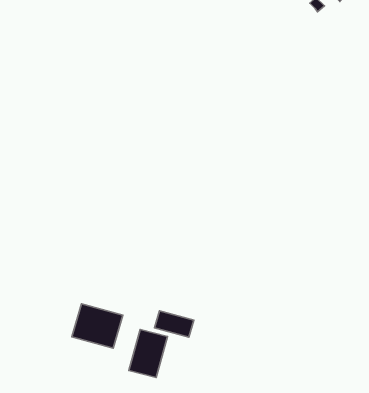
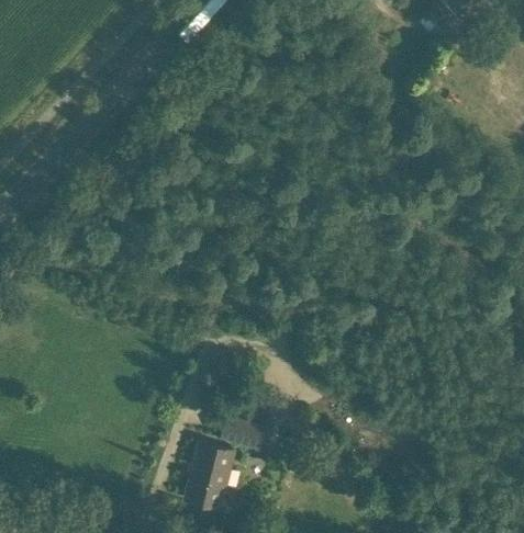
building: [72,304,123,348] -> none

